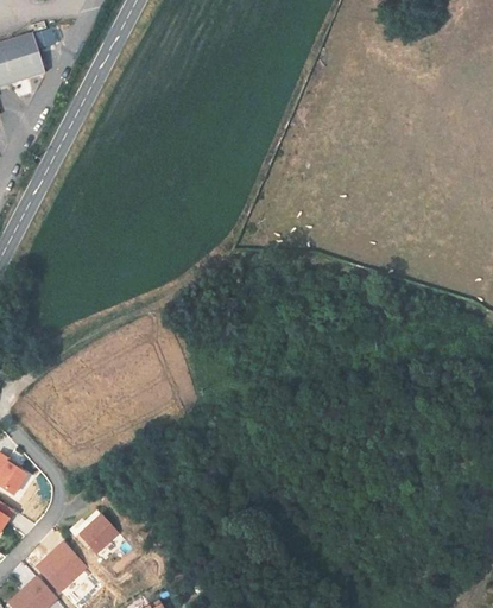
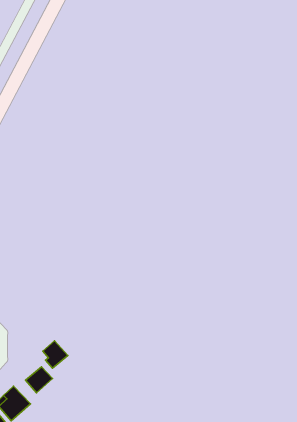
building: none -> [43,341,68,368]

